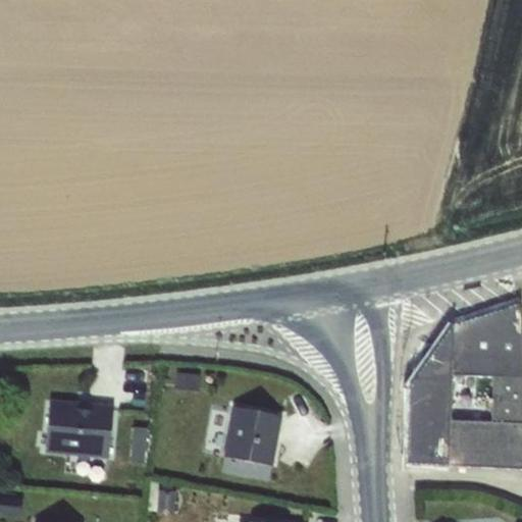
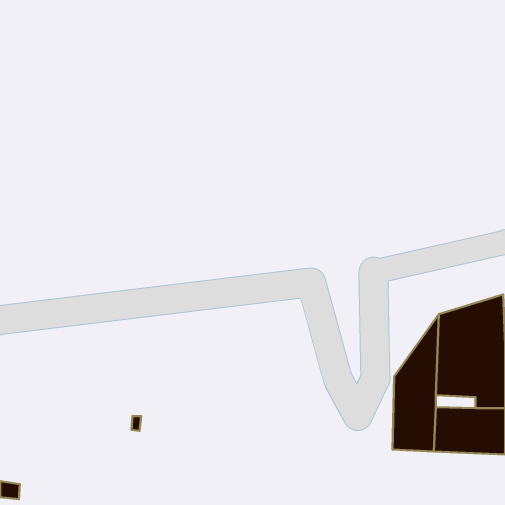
building: [45,405,112,453] -> none
building: [224,407,280,467] -> none

